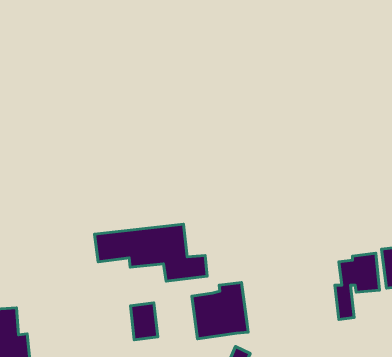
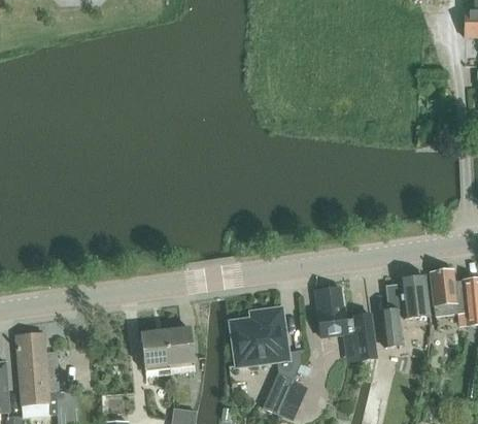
building: [95,224,207,281] -> none
building: none -> [316,286,376,356]
building: none -> [141,331,170,374]

